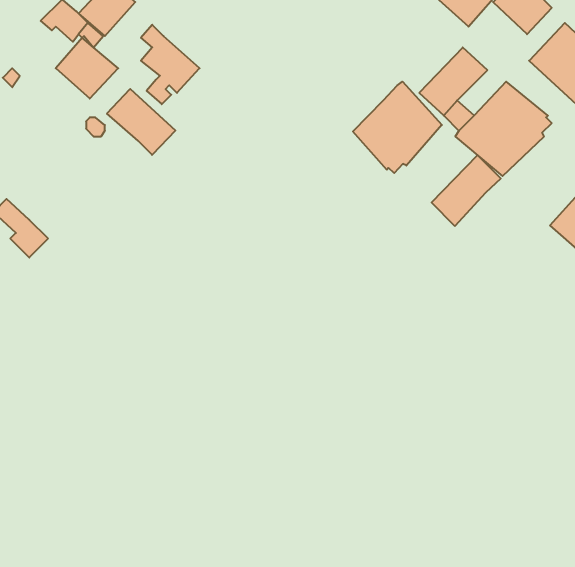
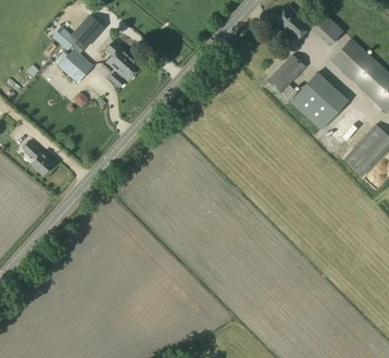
building: [353,82,442,173] -> none
building: [107,89,175,155] -> none
building: [432,155,501,226] -> none

